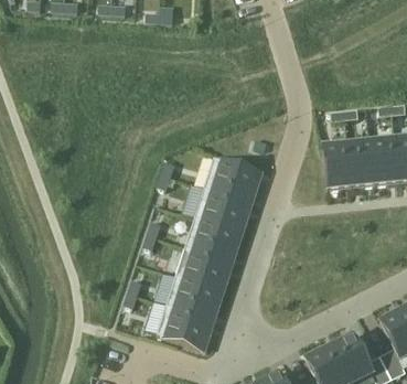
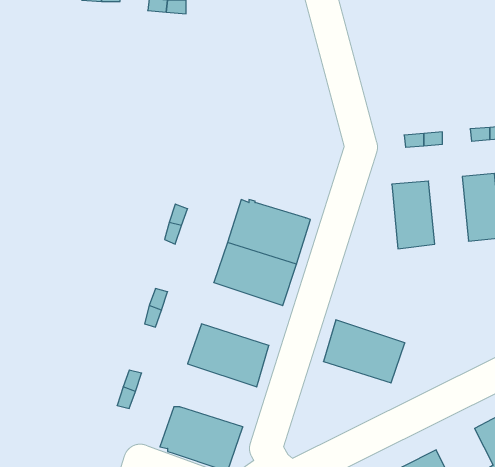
building: [347,138,376,186] -> none
building: [184,214,243,259] -> [323,320,405,383]
building: [164,273,224,318] -> none

